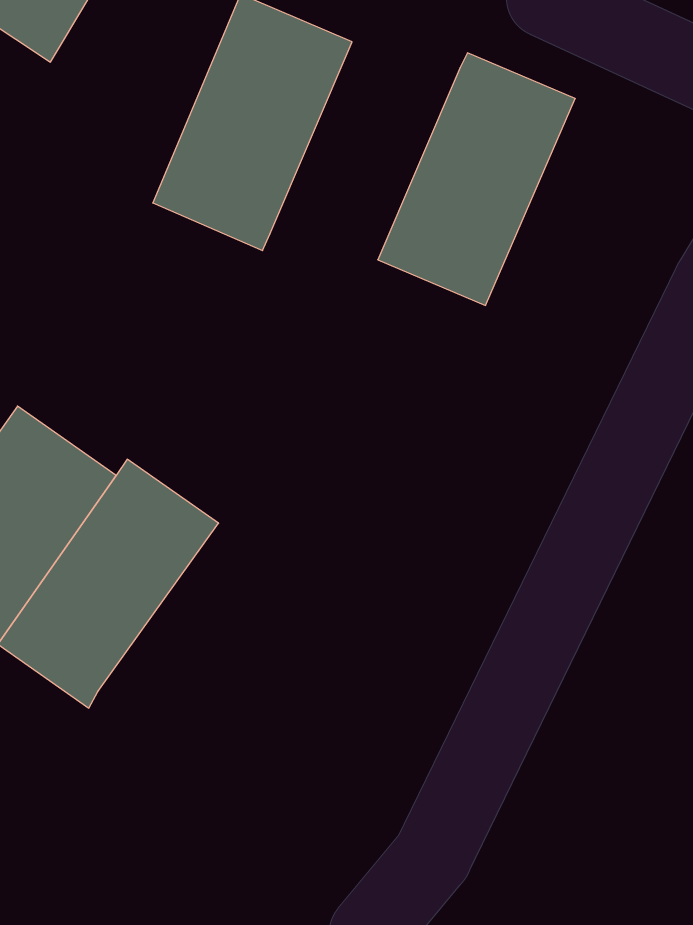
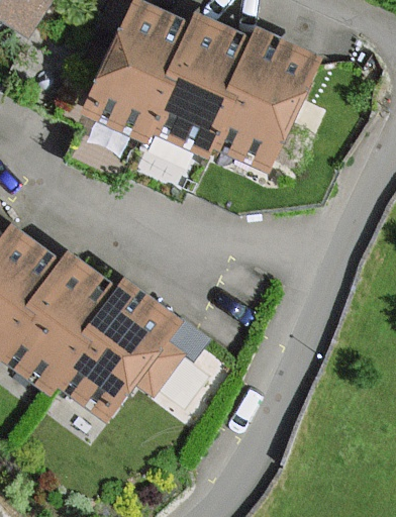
building: none -> [151,14,256,153]
building: none -> [56,284,181,419]

